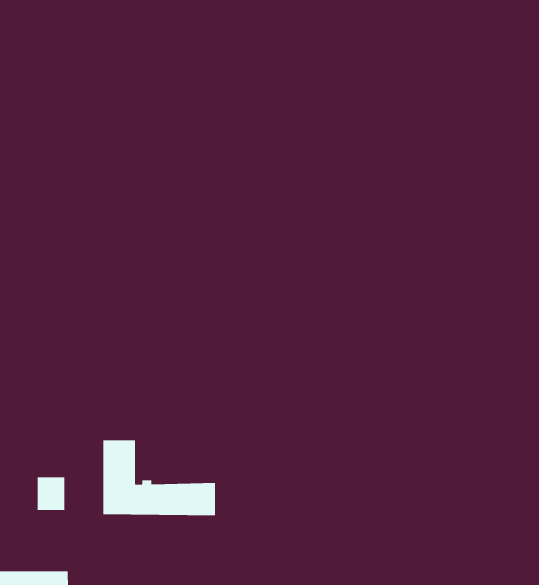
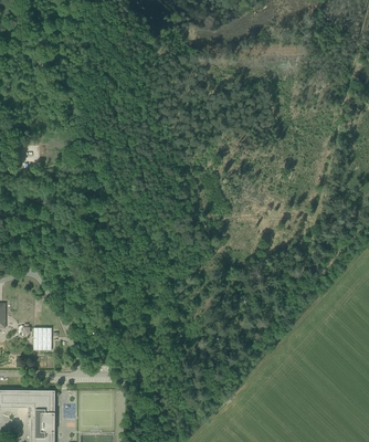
building: [103,440,215,516] -> none

